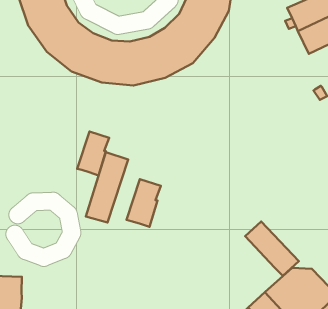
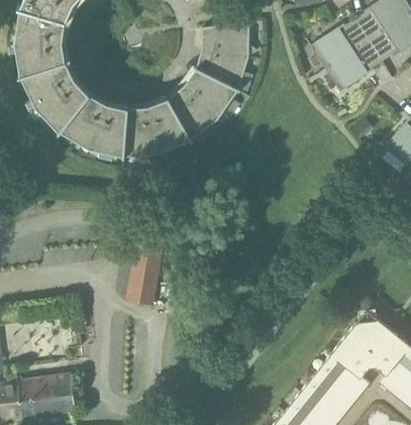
building: [77,131,109,175] -> none
building: [126,179,161,227] -> none
building: [245,222,299,276] -> none

